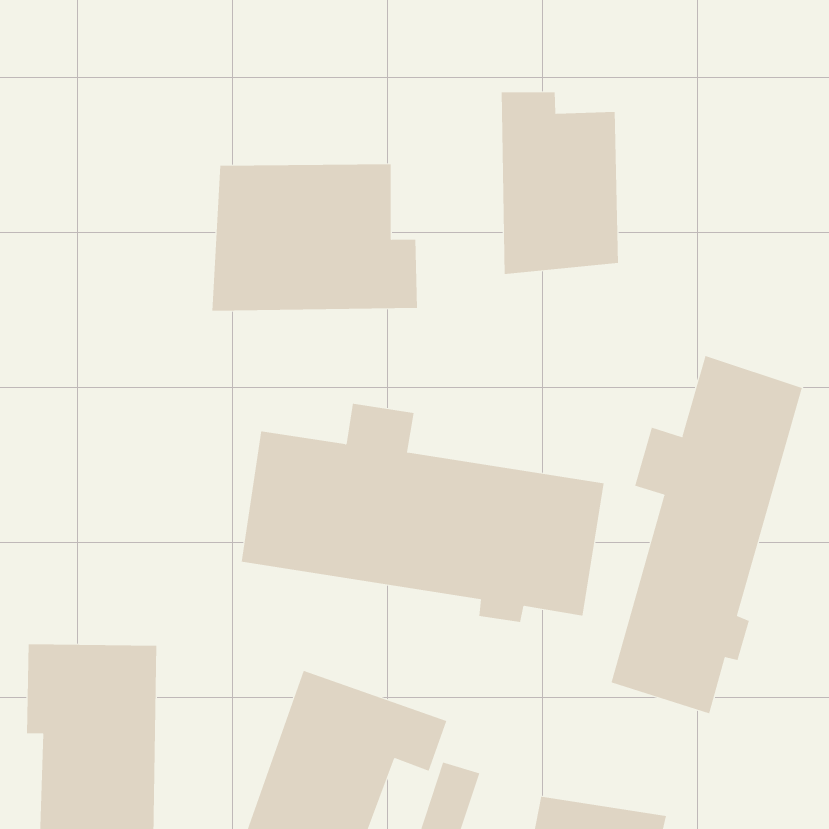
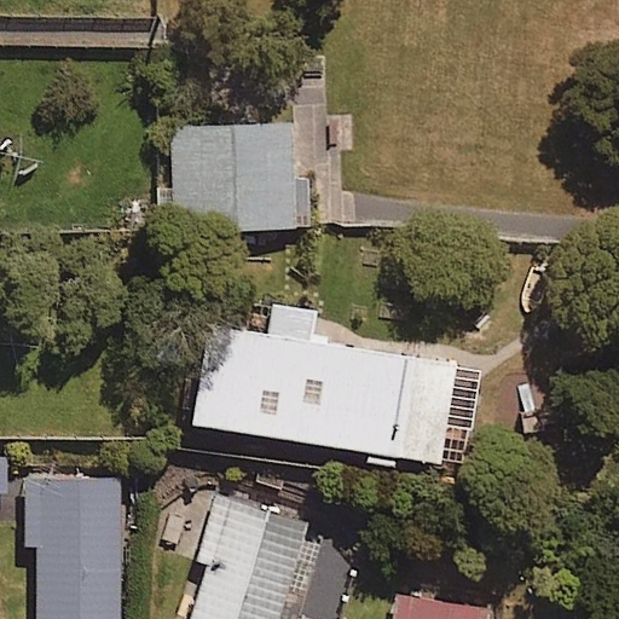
building: [501,92,618,275] -> none
building: [611,355,802,714] -> none

